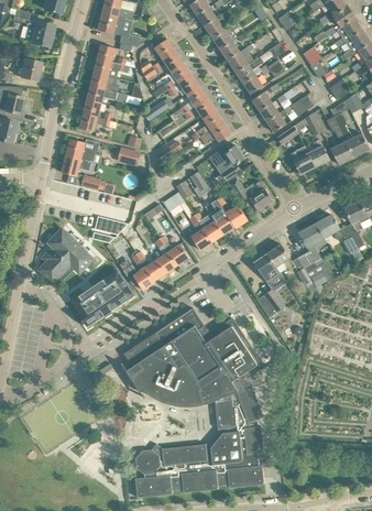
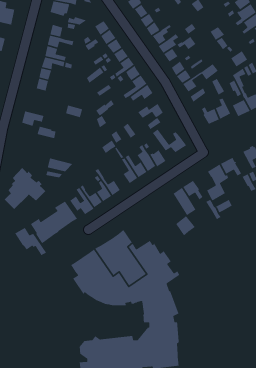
building: [65,139,96,162] -> none
building: none -> [14,227,47,256]

